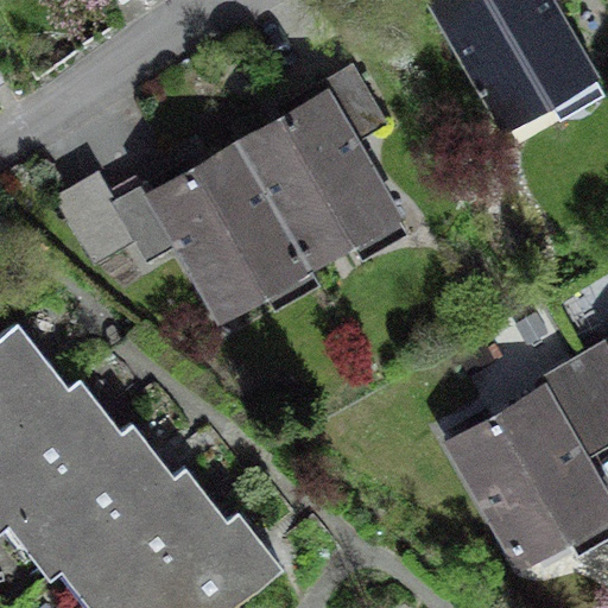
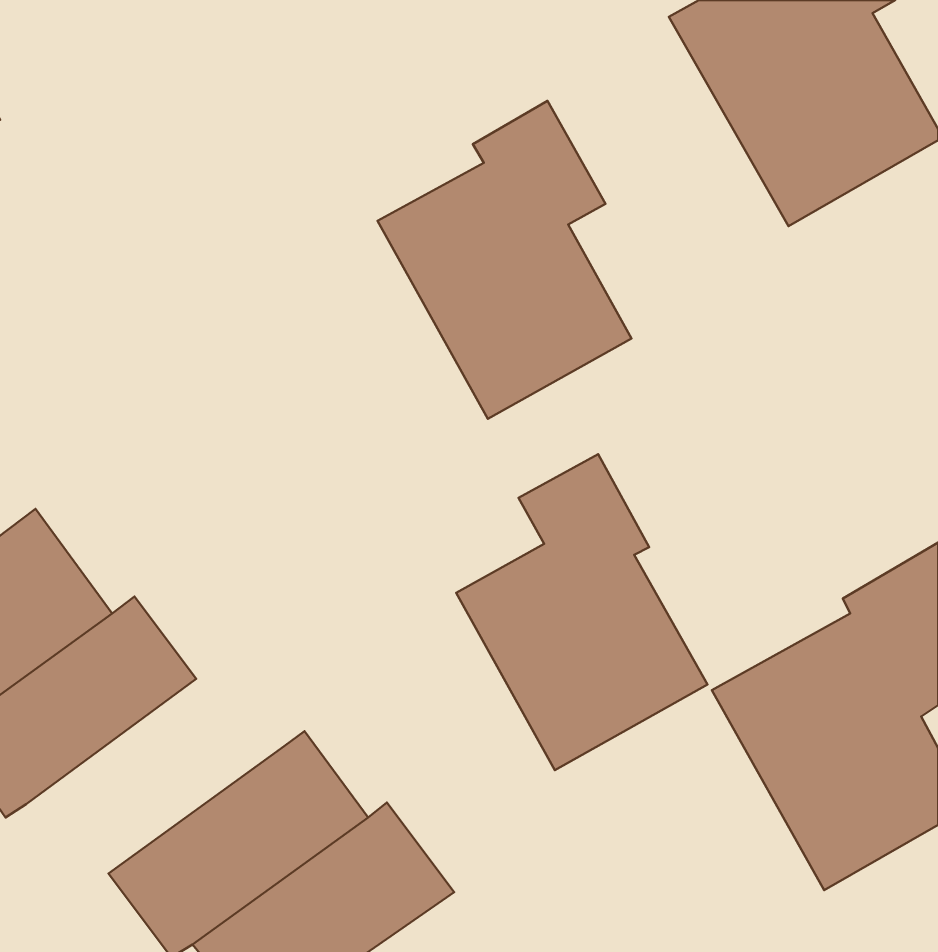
building: [49,142,310,322] -> none
building: none -> [456,454,707,770]
building: [17,422,180,566] -> none

